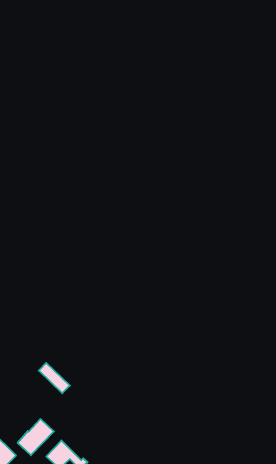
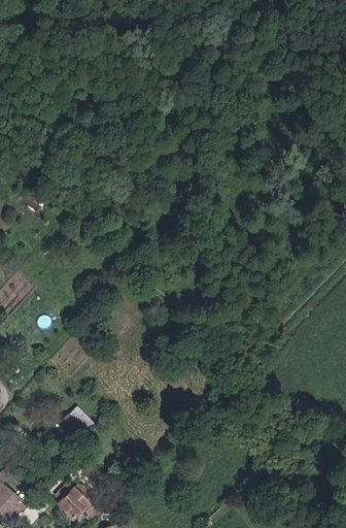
building: [18,419,54,455] -> none

